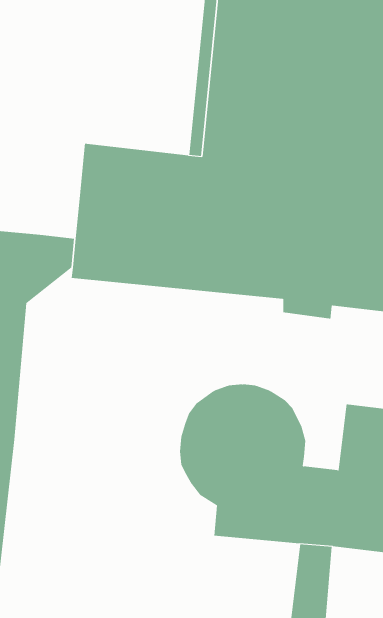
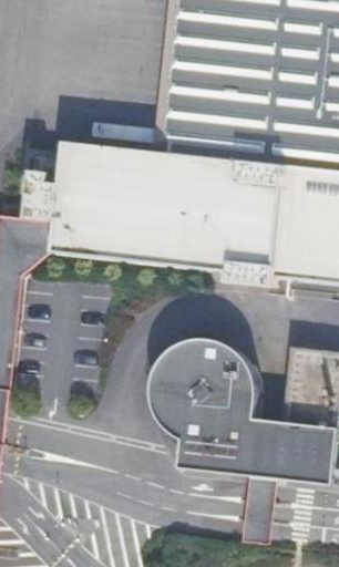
building: none -> [35,168,68,216]

